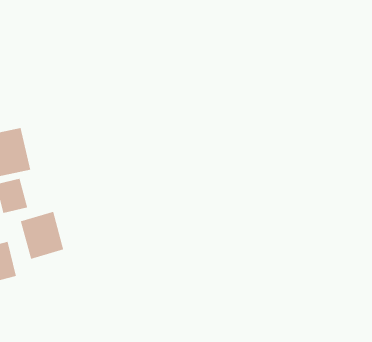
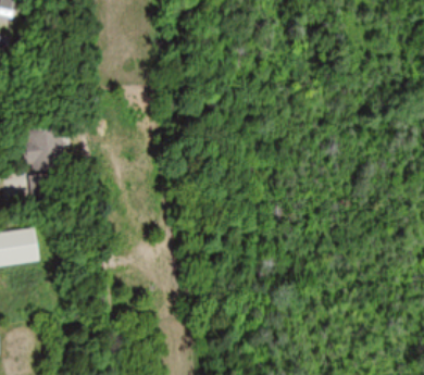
building: [20,211,64,260] -> none

